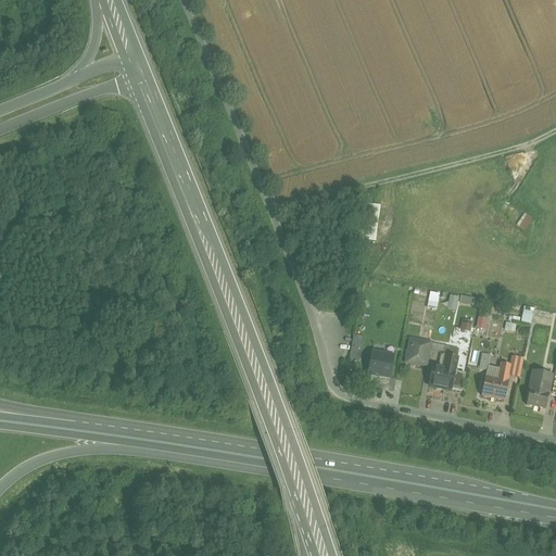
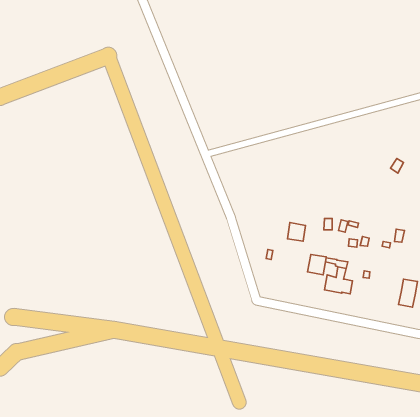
building: [369,350,393,375] -> [287,222,306,241]
building: [481,362,511,399] -> none

